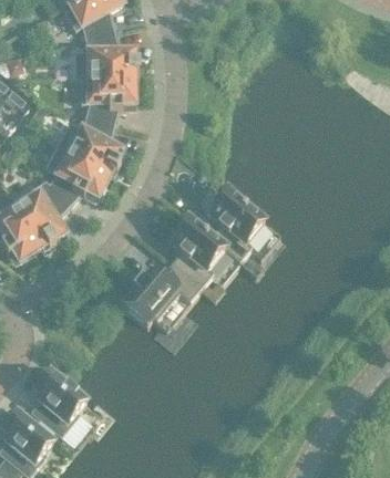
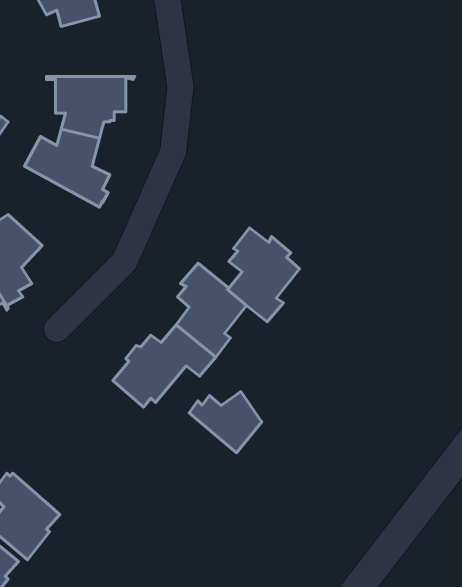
building: [74,31,138,76] -> none
building: [44,144,115,204] -> none
building: none -> [189,391,262,453]

